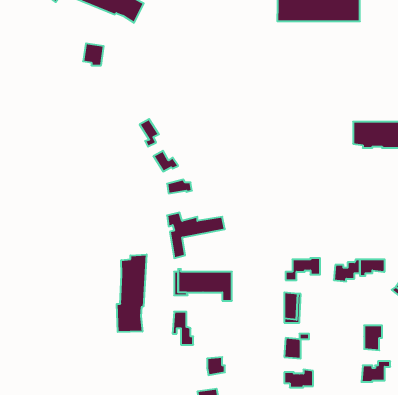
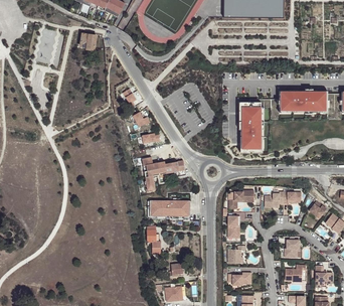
building: none -> [240,101,260,151]
building: [117,254,147,332] -> none

